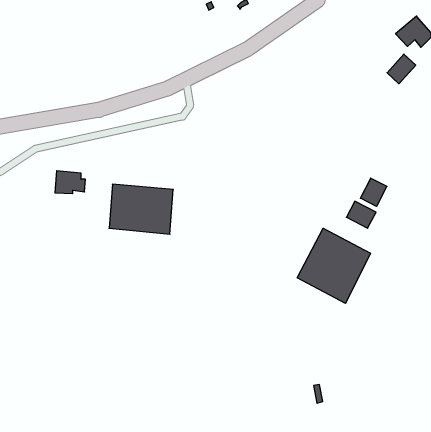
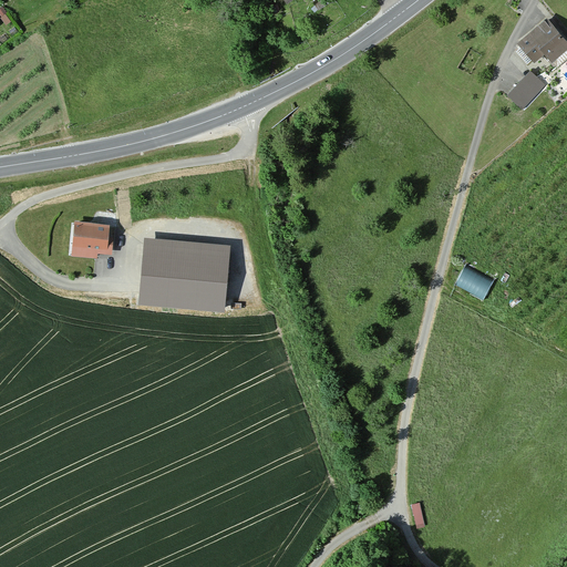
building: [360,178,387,206] -> none
building: [297,228,370,303] -> none

